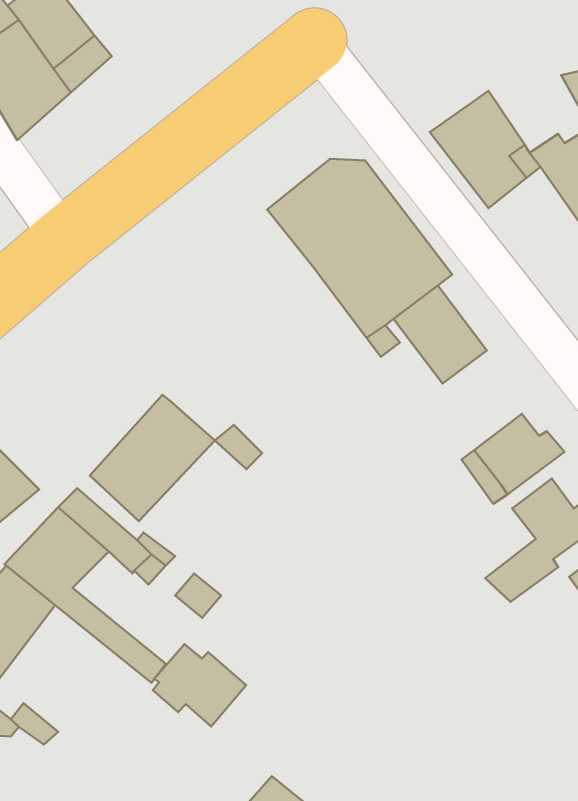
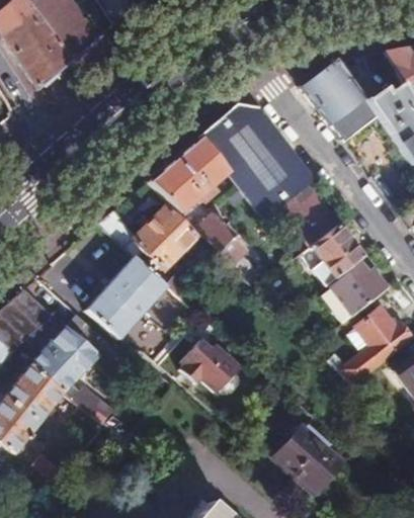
building: none -> [147,137,259,287]
building: none -> [99,206,194,268]
building: none -> [312,227,364,287]
building: [153,644,246,726] -> [177,340,237,393]
building: none -> [271,428,338,495]

